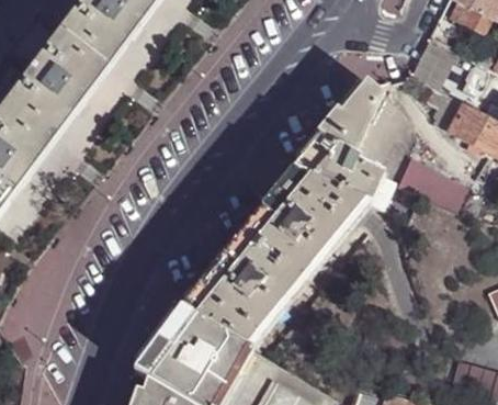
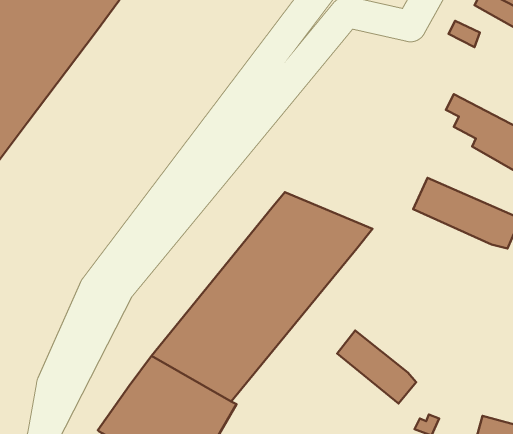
building: [290,87,415,210] -> none
building: none -> [337,330,416,403]

